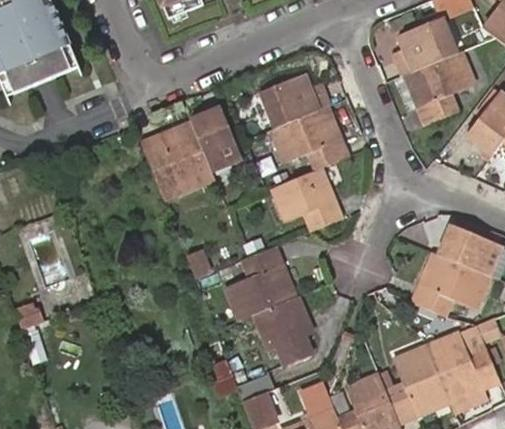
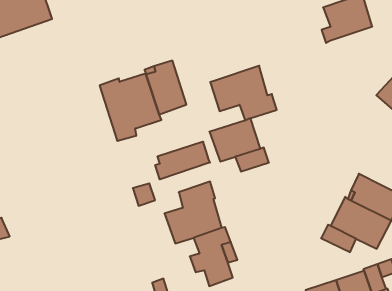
building: [404,48,471,122] -> none
building: [257,71,326,126] -> none
building: none -> [155,142,210,179]

